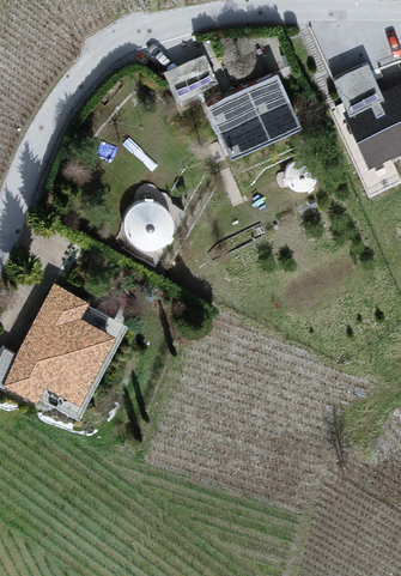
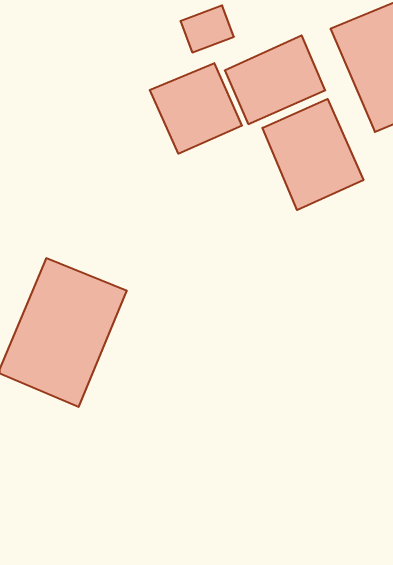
building: none -> [150,63,242,154]
building: none -> [262,99,363,210]

